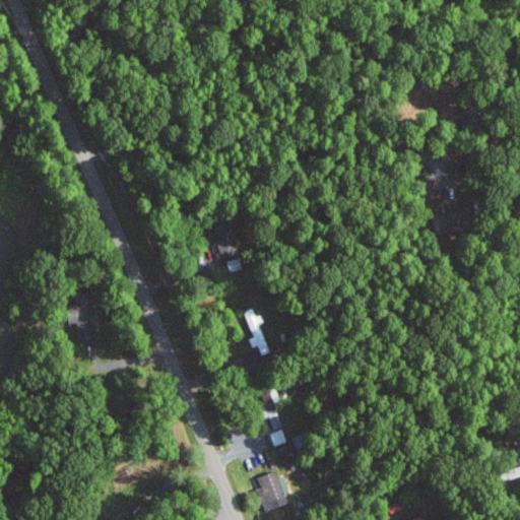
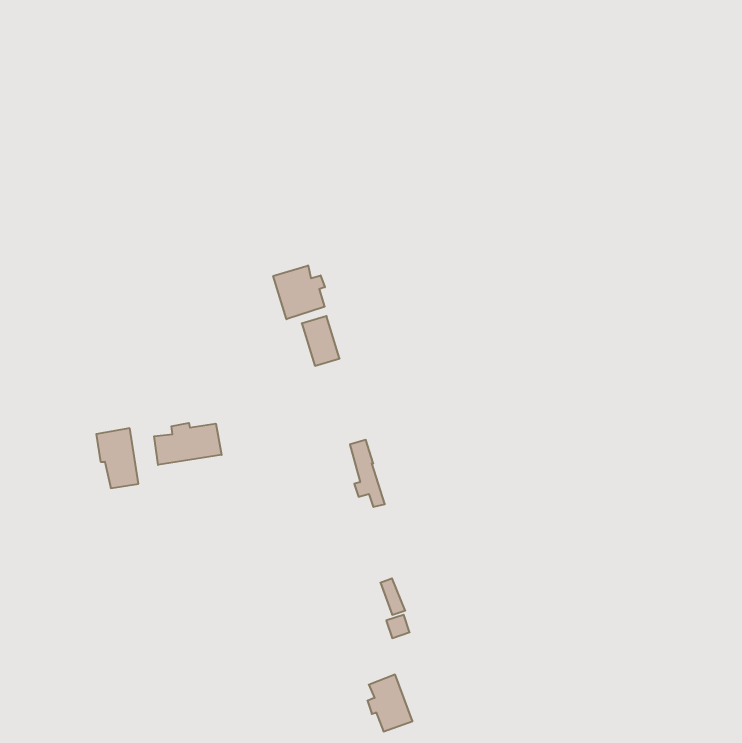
building: none -> [273,265,325,319]
building: none -> [154,423,222,465]

